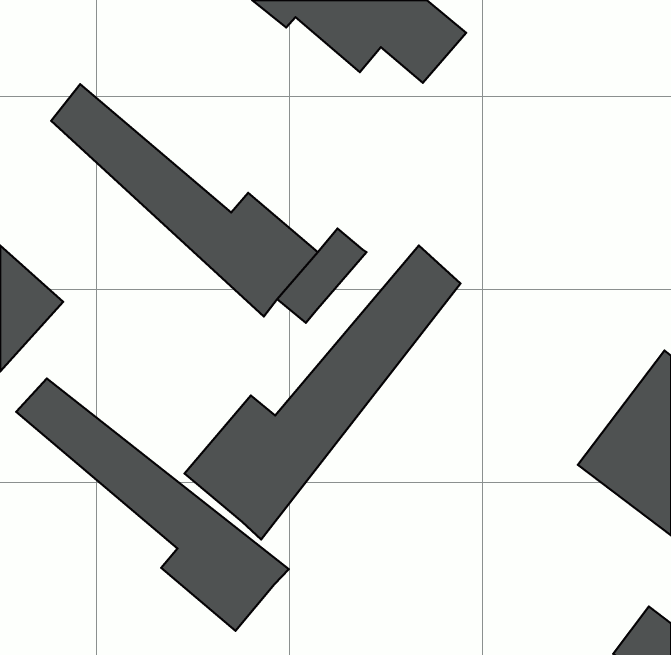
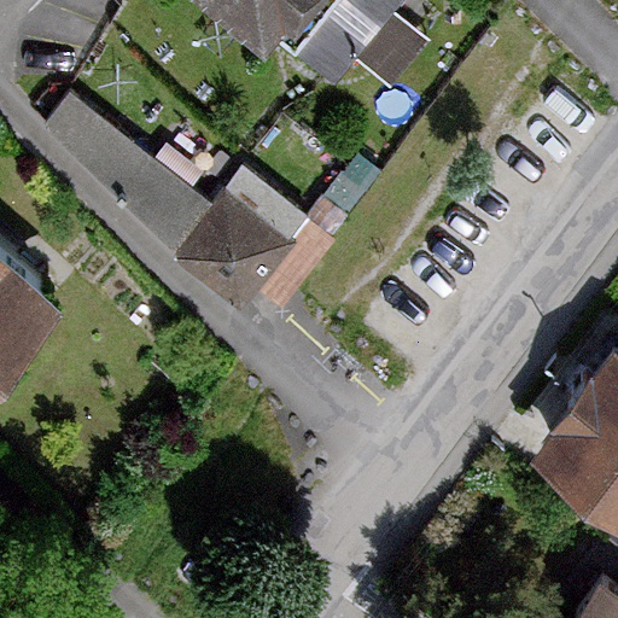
building: [185,245,461,539] -> none
building: [16,378,289,631] -> none

